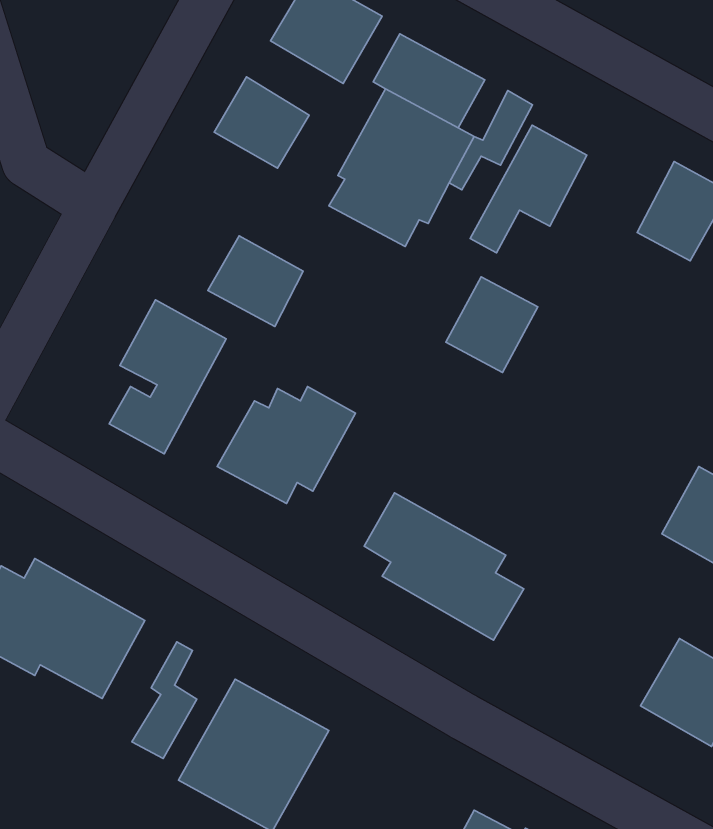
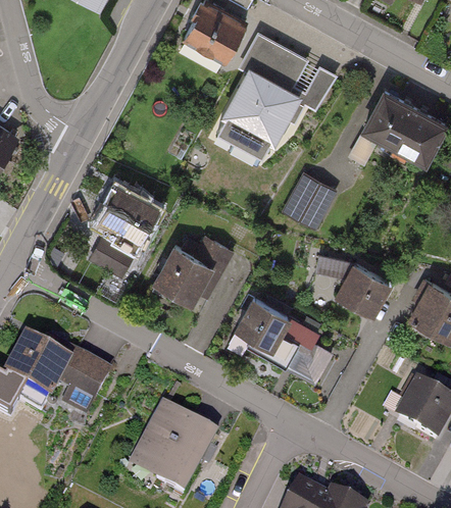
building: [214,77,309,168] -> none
building: [470,125,587,253] -> [348,90,415,163]
building: [208,236,303,326] -> none
building: none -> [315,255,392,317]
building: [132,642,197,759] -> none

